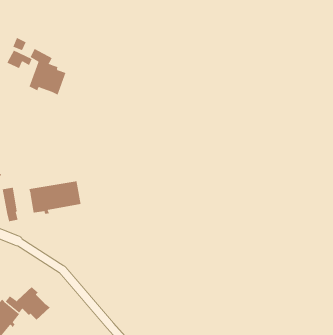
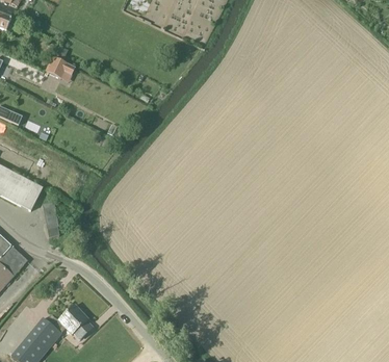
building: [29,48,66,96] -> none
building: [29,181,81,215] -> none

